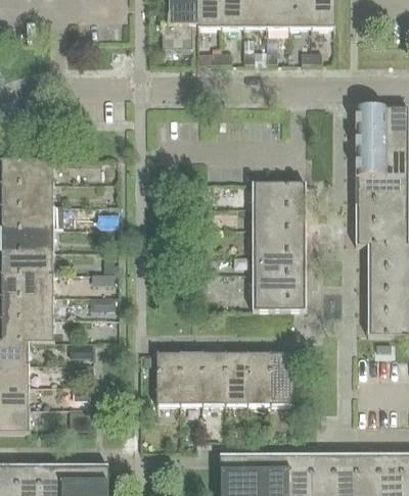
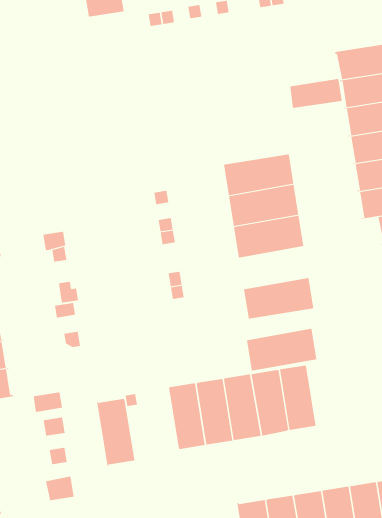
building: none -> [288,78,344,109]
building: [251,257,305,284] -> [246,328,317,371]
building: [154,351,178,404] -> [96,397,135,467]

